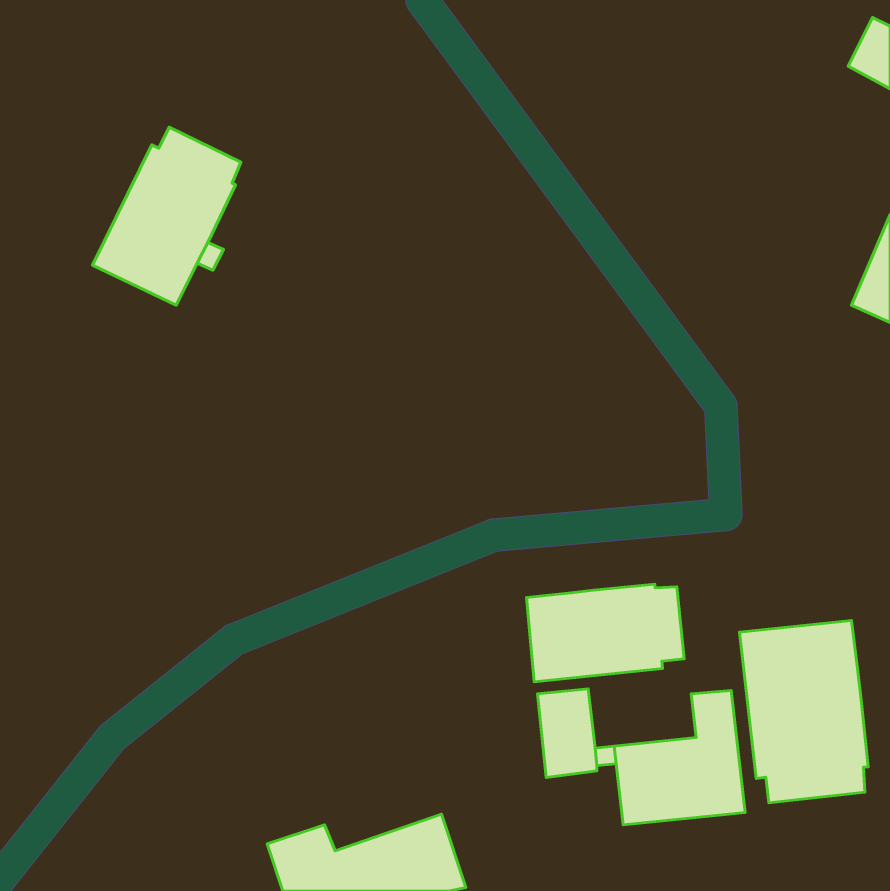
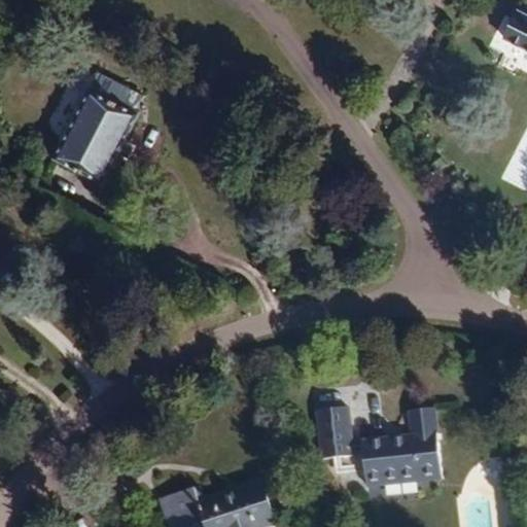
building: [526,584,684,682] -> none
building: [740,621,868,803] -> none

